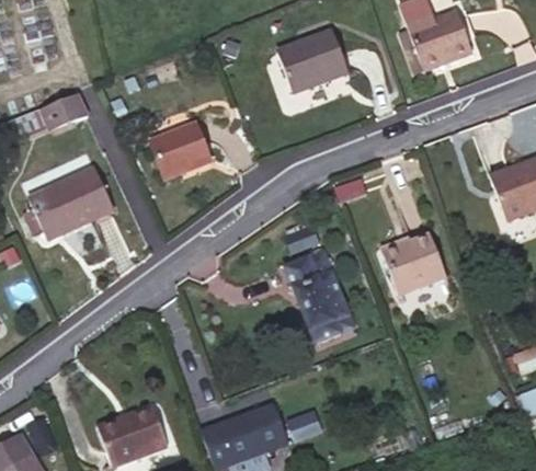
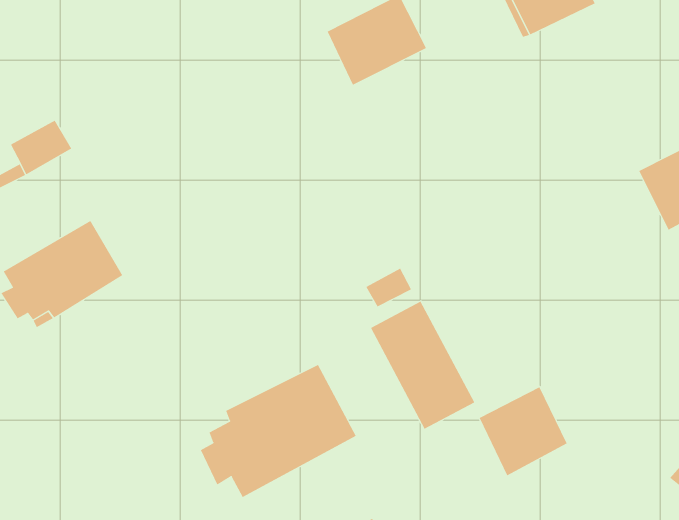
building: [150,122,210,177] -> none
building: [383,233,444,295] -> [479,387,568,476]
building: none -> [200,364,357,498]

